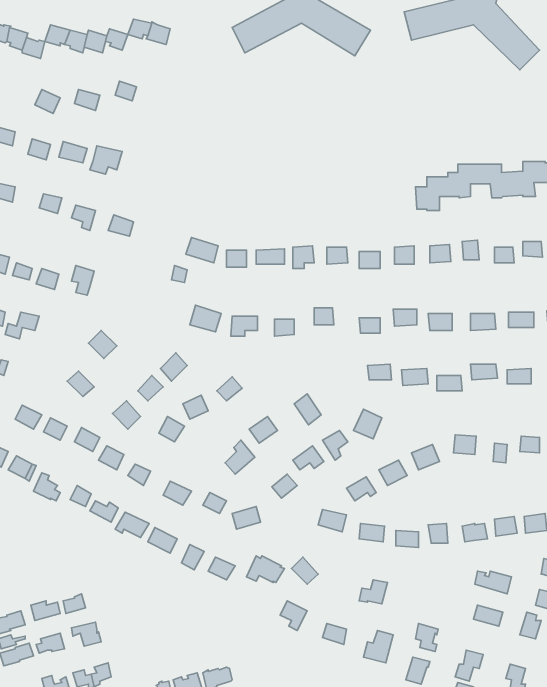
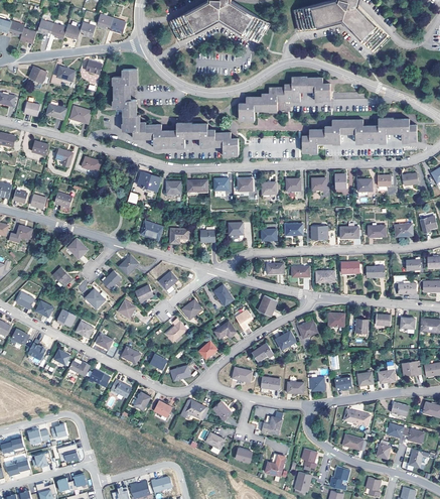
building: none -> [112,69,238,155]
building: none -> [239,76,330,120]

